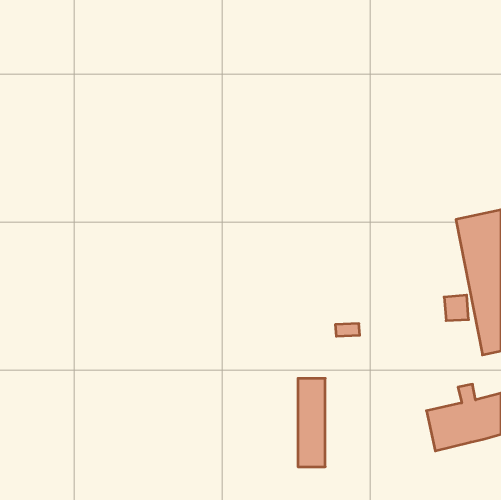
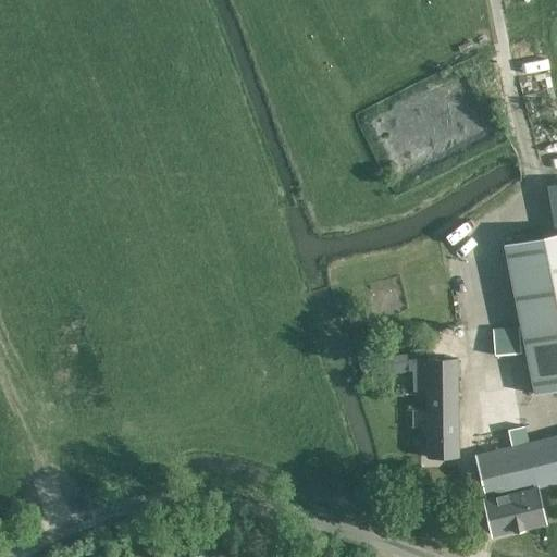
building: [298,378,325,467] -> [428,361,458,459]
building: none -> [483,488,544,536]

